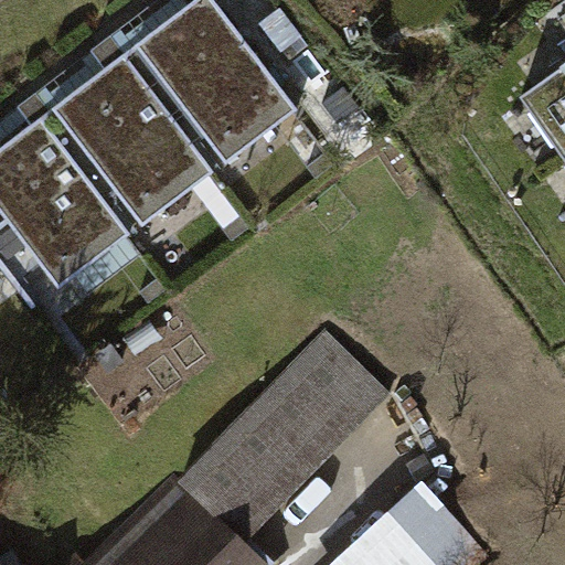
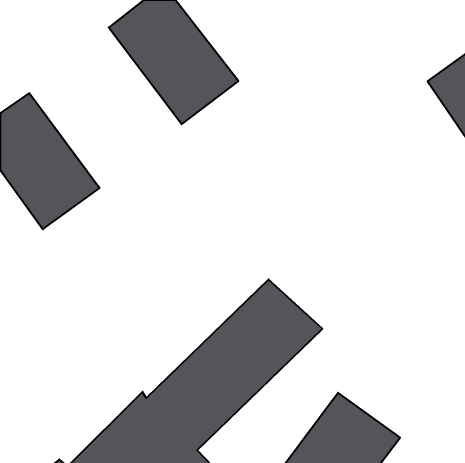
building: [53,55,202,218] -> none

